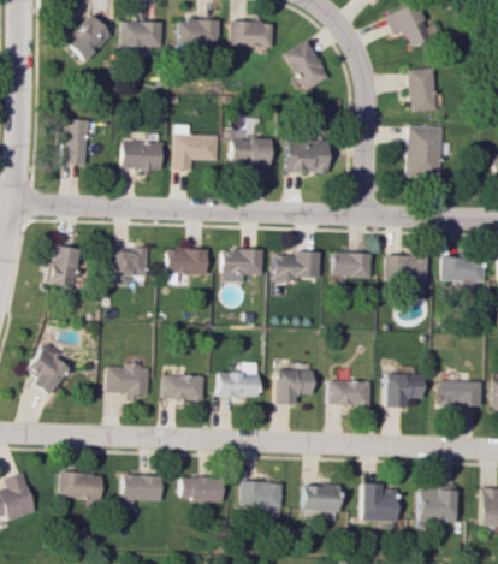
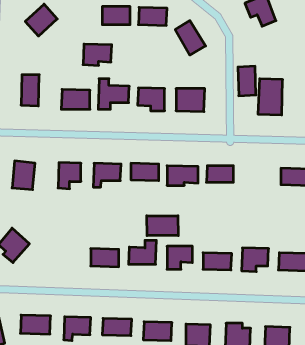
building: [121,20,164,52] -> [83,44,112,65]
building: [410,67,437,111] -> [238,66,256,96]
building: [386,255,427,280] -> none
building: none -> [147,216,178,236]
building: [106,366,149,394] -> none

